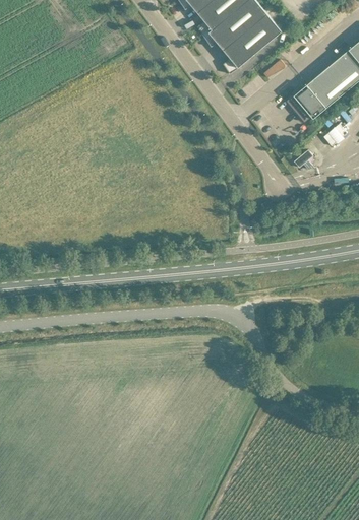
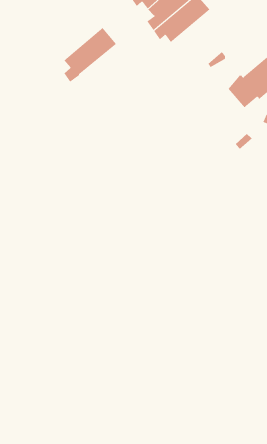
building: [224,13,283,74] -> [63,27,117,83]

